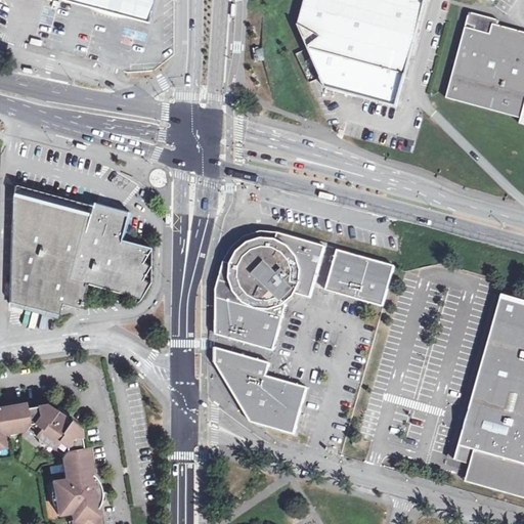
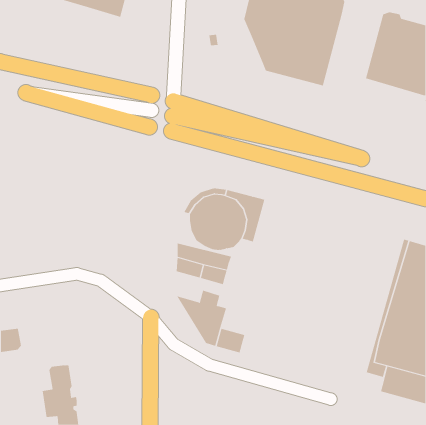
building: [10,193,151,313] -> none
building: [326,249,396,305] -> none
building: [217,260,288,314] -> none
building: [216,346,249,370] -> none
building: [271,378,308,410] -> none
building: [24,403,80,449] -> none

